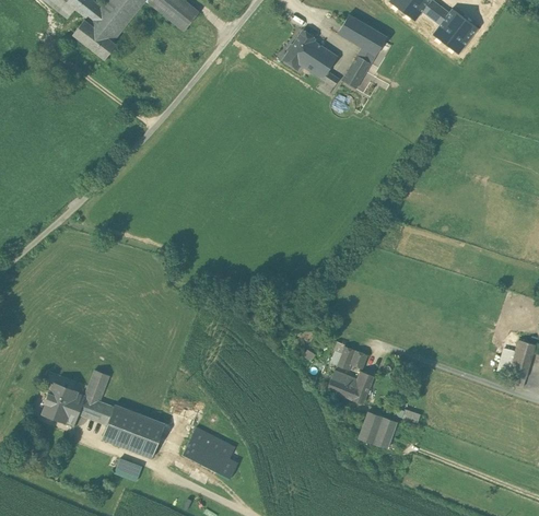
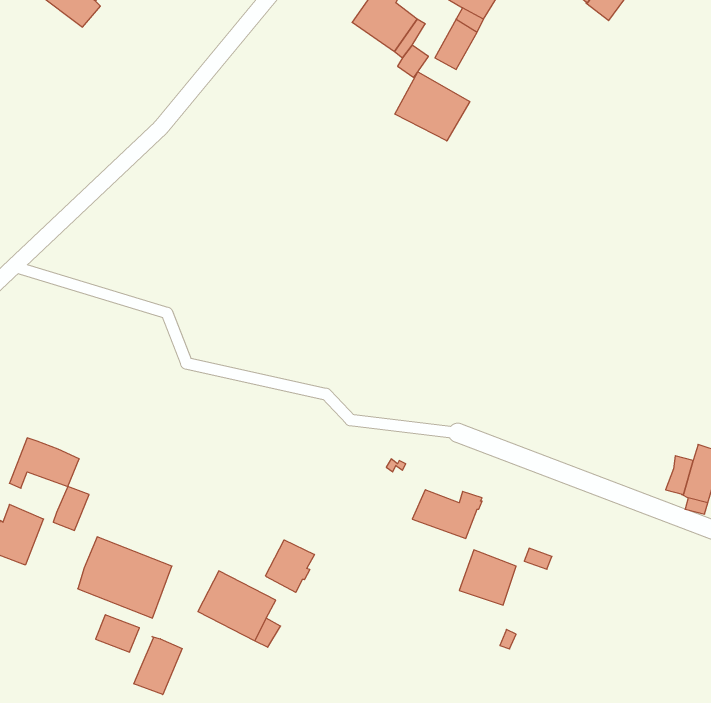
building: none -> [395,72,470,141]
building: [331,347,368,370] -> none
building: [67,390,114,424] -> [9,438,79,488]
building: none -> [266,540,314,592]
building: none -> [134,637,182,695]

